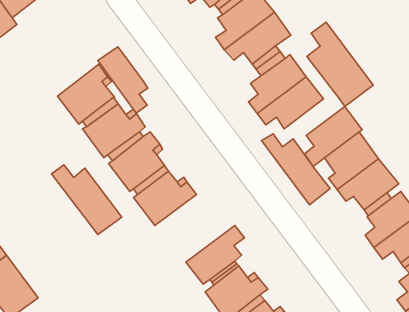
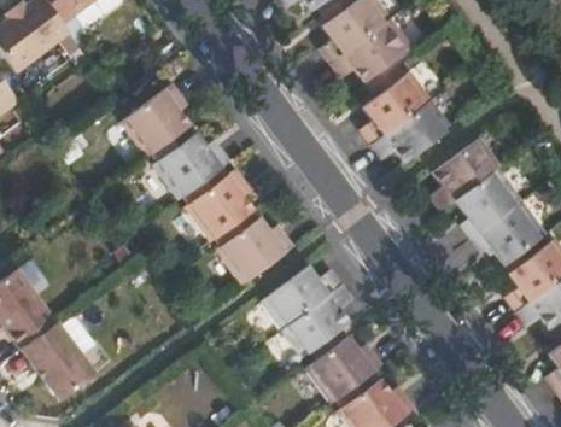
building: [307,22,373,107] -> none
building: [98,47,148,113] -> none
building: [262,134,330,205] -> none
building: [52,165,122,235] -> none
building: none -> [261,267,343,331]

